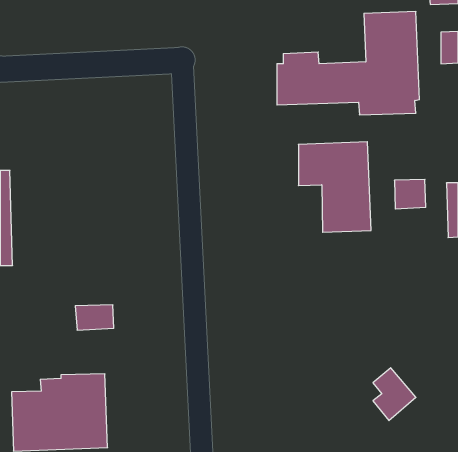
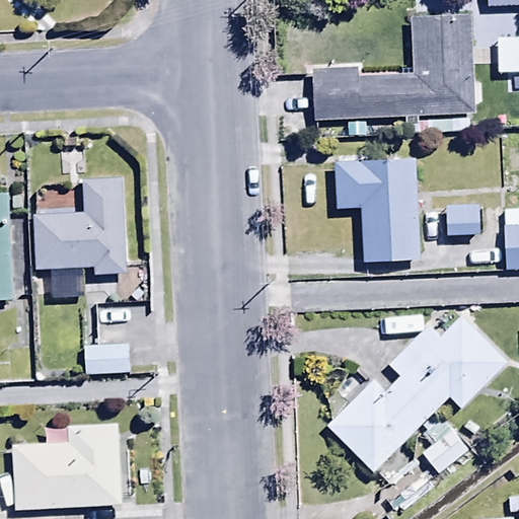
building: none -> [34,177,127,276]
building: none -> [325,313,510,472]

